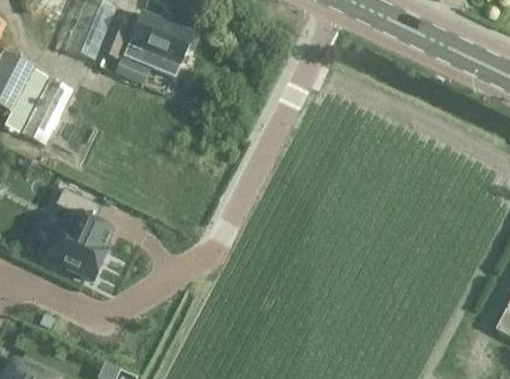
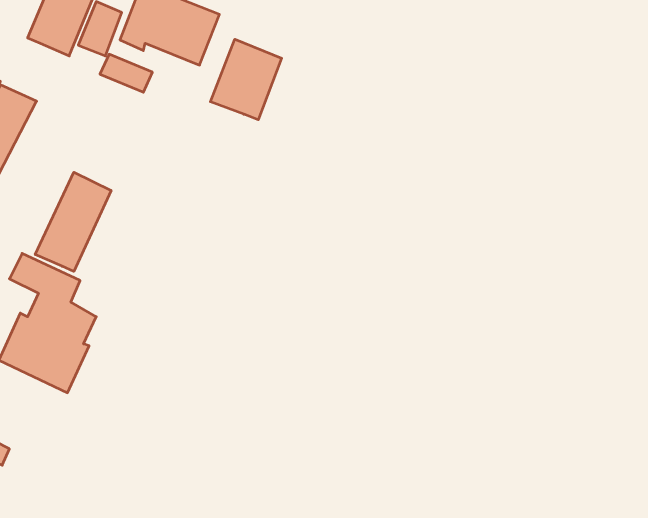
building: none -> [210,39,282,120]
building: none -> [35,172,111,271]

